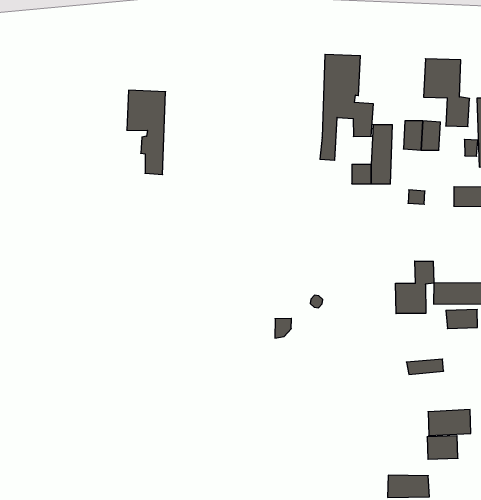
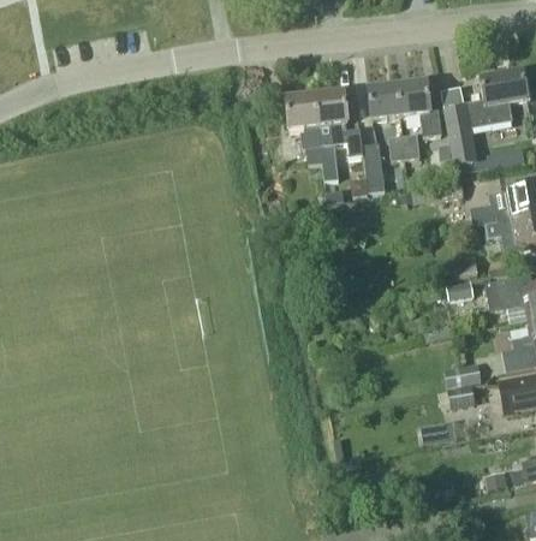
building: none -> [367,84,400,119]
building: [127,90,166,175] -> [285,94,323,162]
building: [396,261,434,314] -> none

